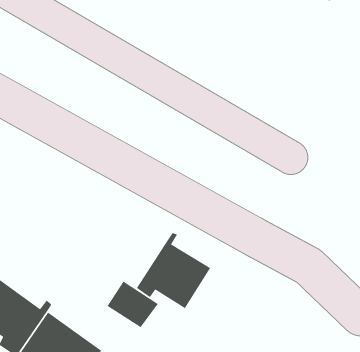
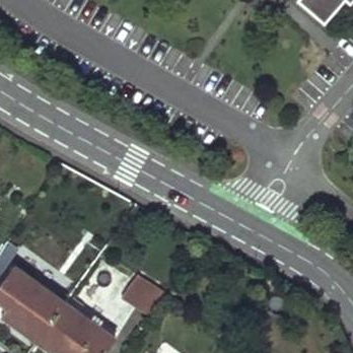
building: [136,232,211,309] -> none

